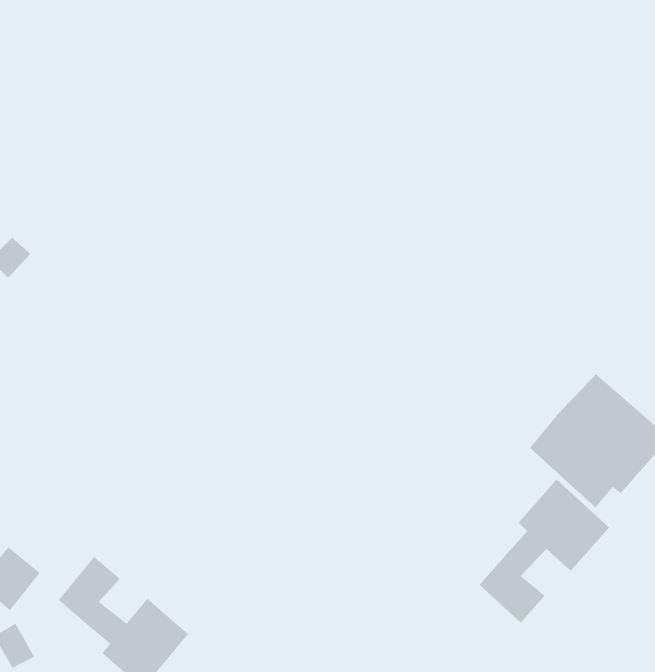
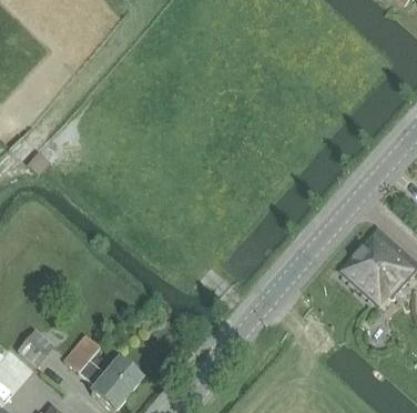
building: [479,479,610,624] -> none

